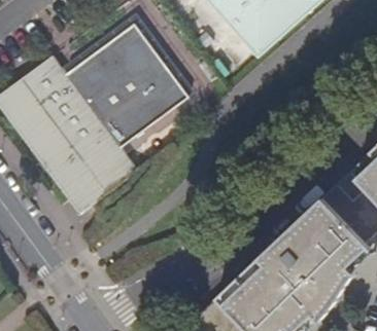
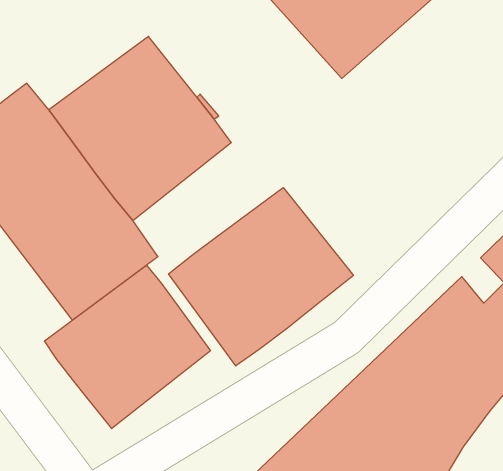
building: none -> [169,188,353,366]
building: none -> [45,265,210,429]

